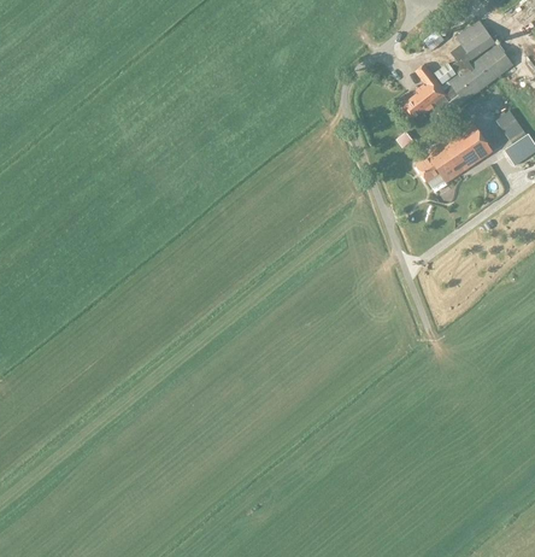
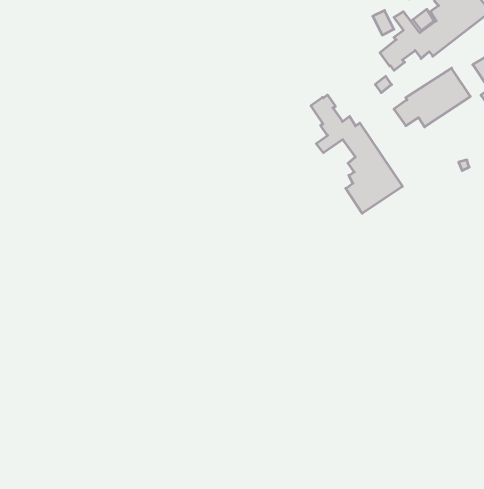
building: none -> [311,95,402,213]

